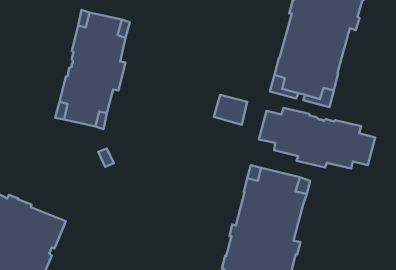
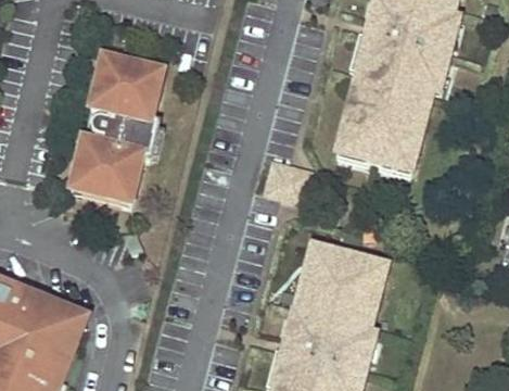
building: [259,108,375,168] -> none

